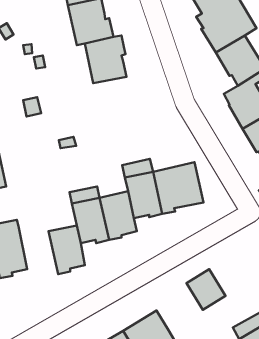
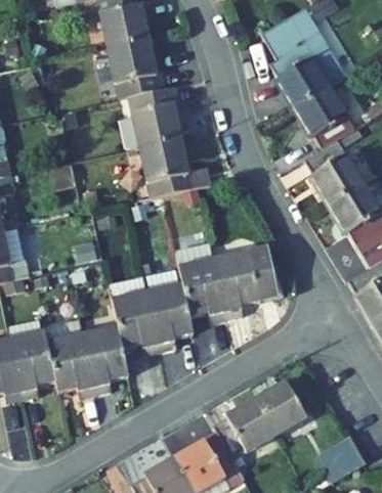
building: none -> [139,138,212,197]
building: none -> [45,318,95,391]
building: none -> [214,398,278,457]

